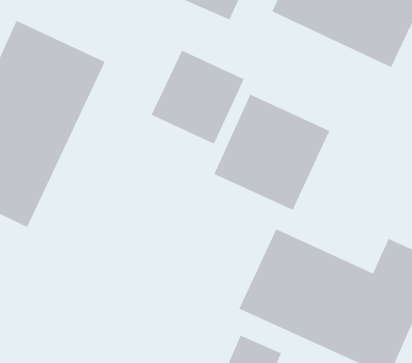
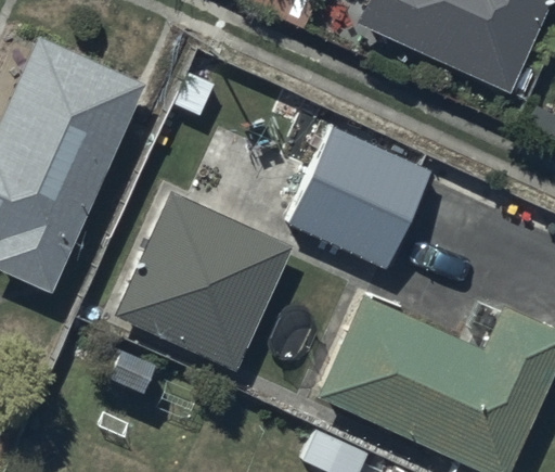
building: [151,50,244,145] -> none
building: none -> [113,193,293,371]

